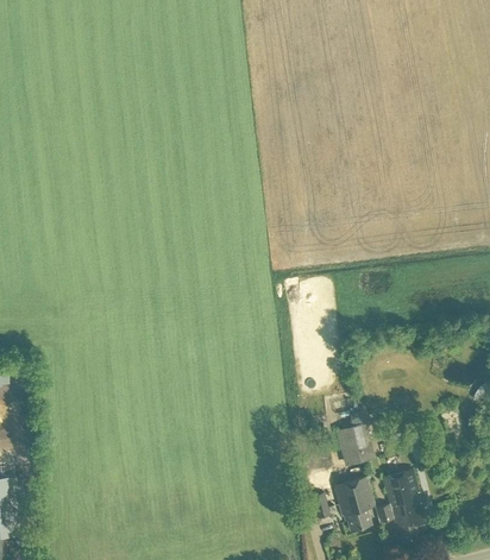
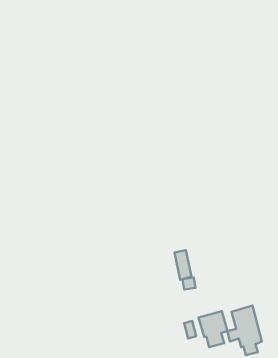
building: [337,423,362,467] -> [175,250,192,280]

